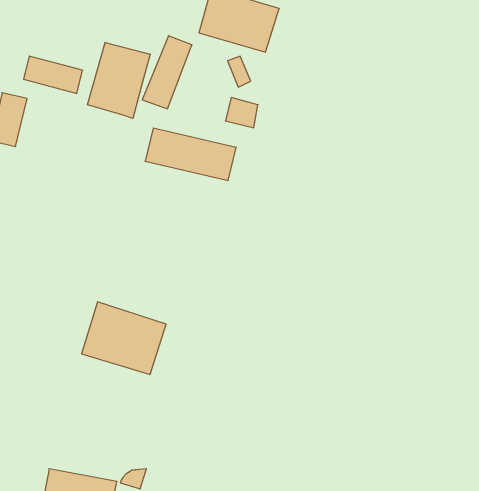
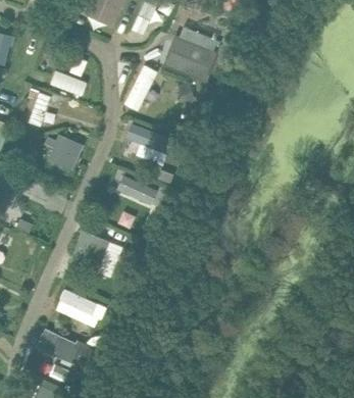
building: [88,42,150,118] -> none
building: none -> [46,138,81,170]
building: none -> [109,172,160,207]
building: none -> [55,291,104,326]

